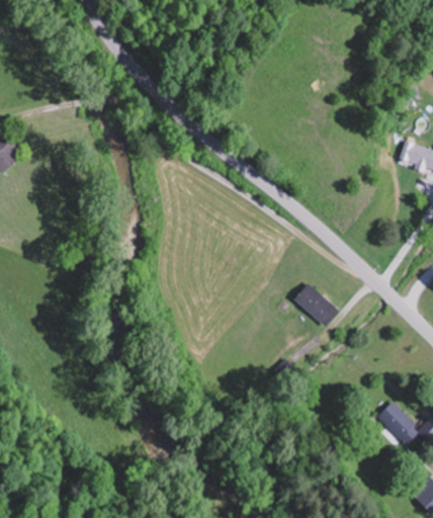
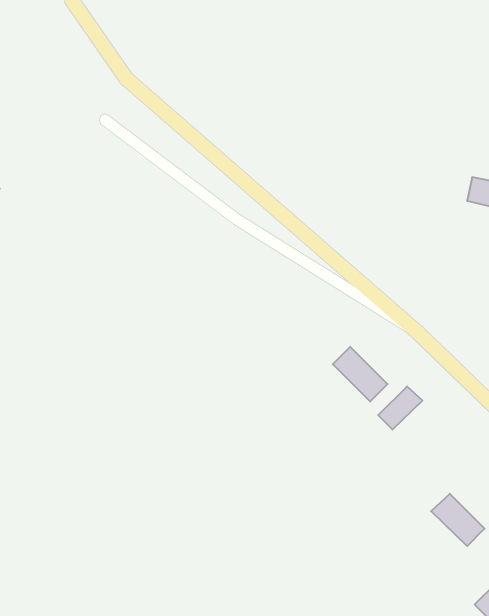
building: none -> [378,386,422,430]

